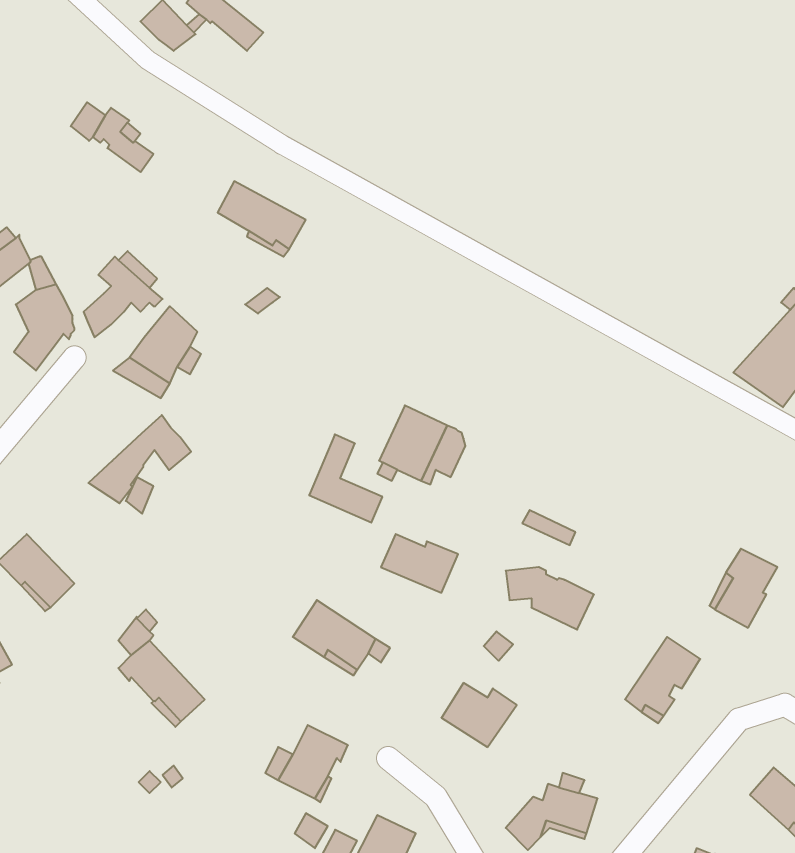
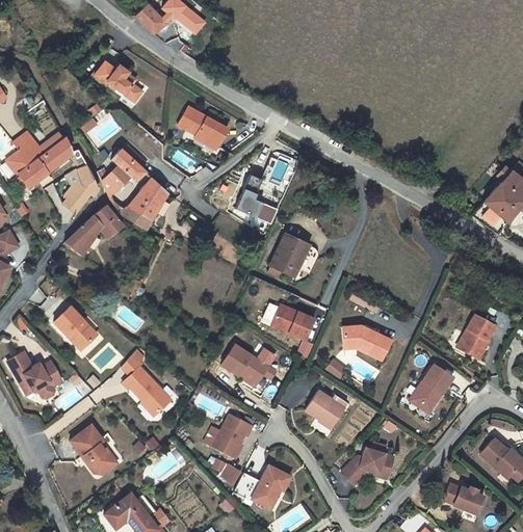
building: [88,415,191,503] -> [63,205,122,255]
building: [309,434,382,523] -> [235,175,277,224]
building: none -> [69,424,116,474]

